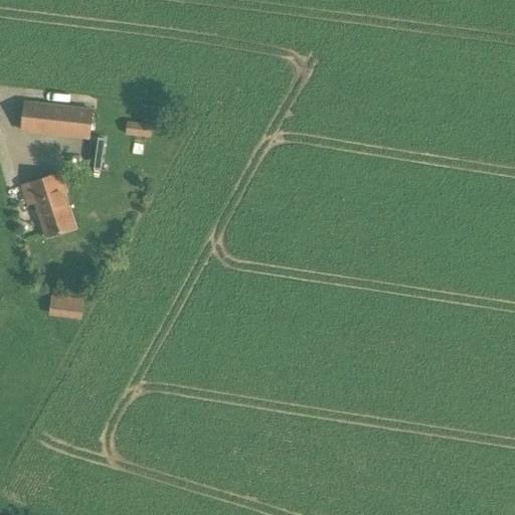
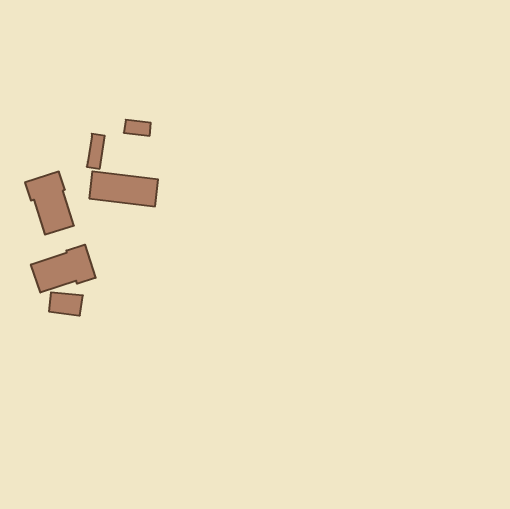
building: [21,103,91,138] -> [89,171,158,206]
building: none -> [31,245,96,293]

